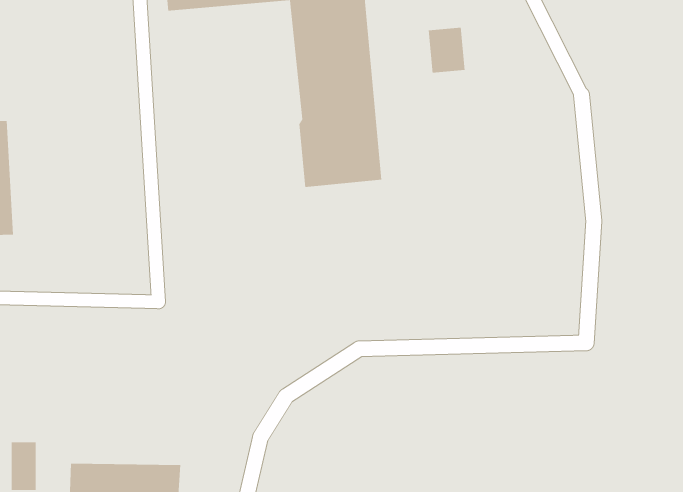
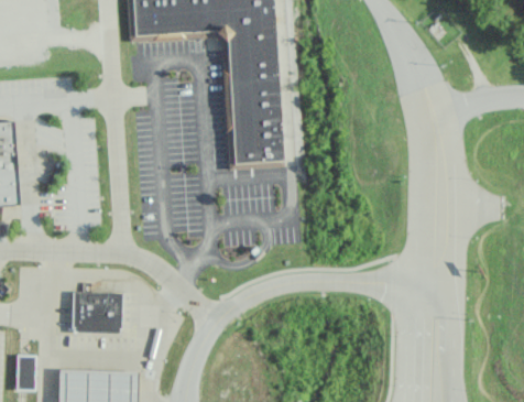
building: [428,27,465,73] -> none
building: none -> [72,291,122,333]

